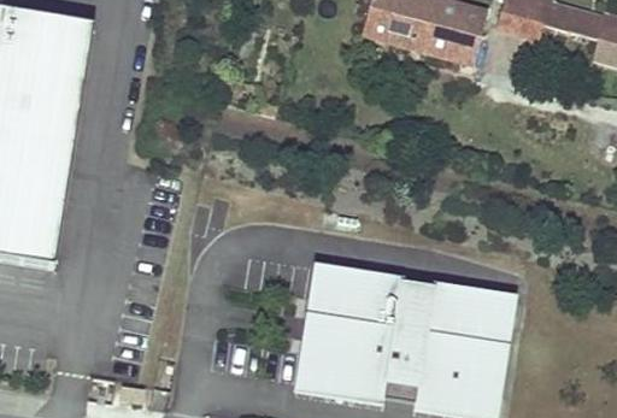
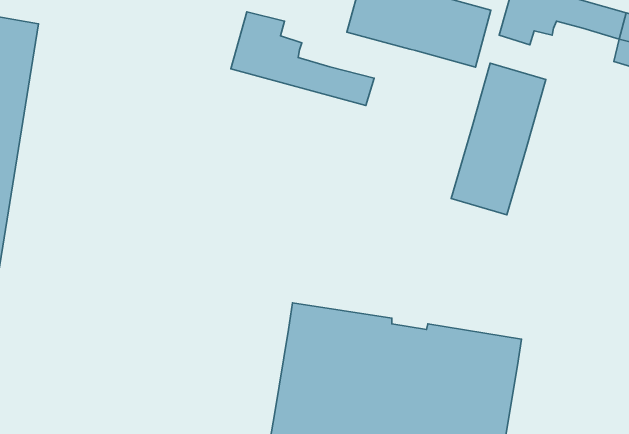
building: none -> [231,12,374,106]
building: none -> [451,63,546,215]

